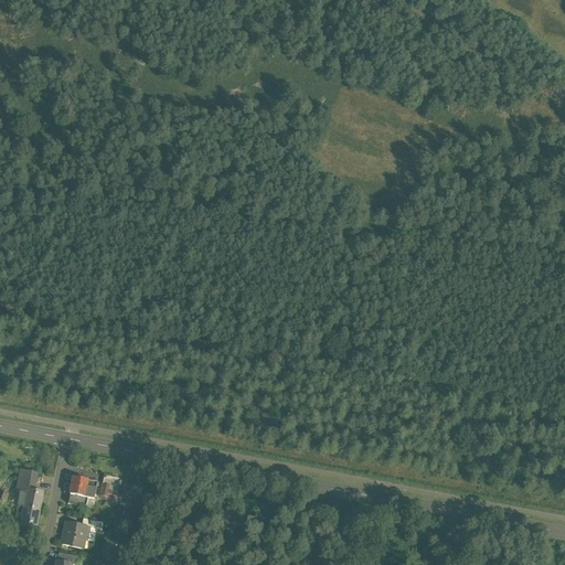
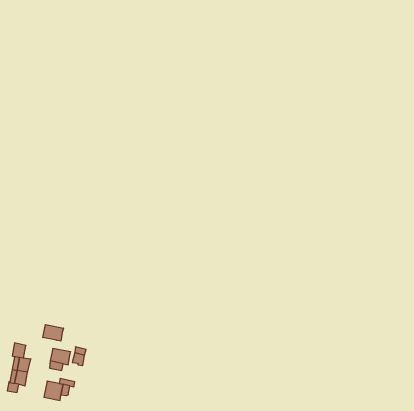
building: none -> [43,325,63,341]

